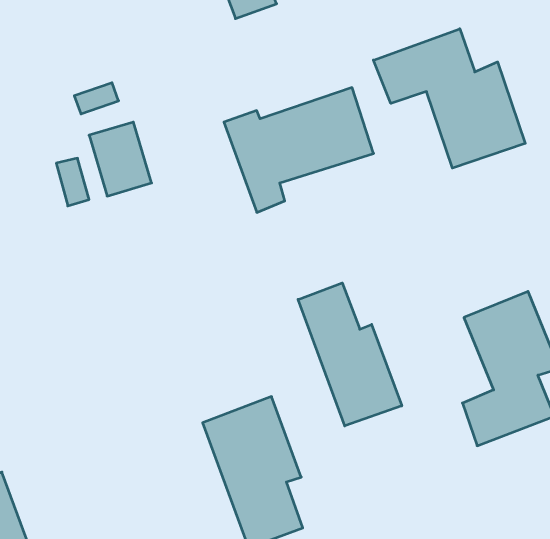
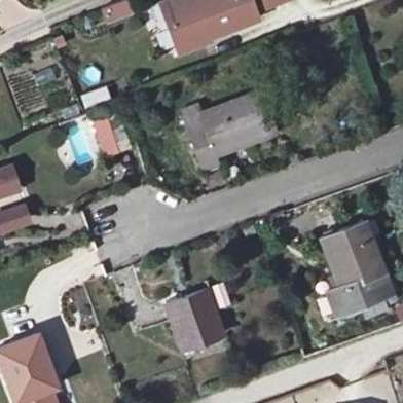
building: [373,29,525,168] -> none
building: [298,283,402,426] -> none

